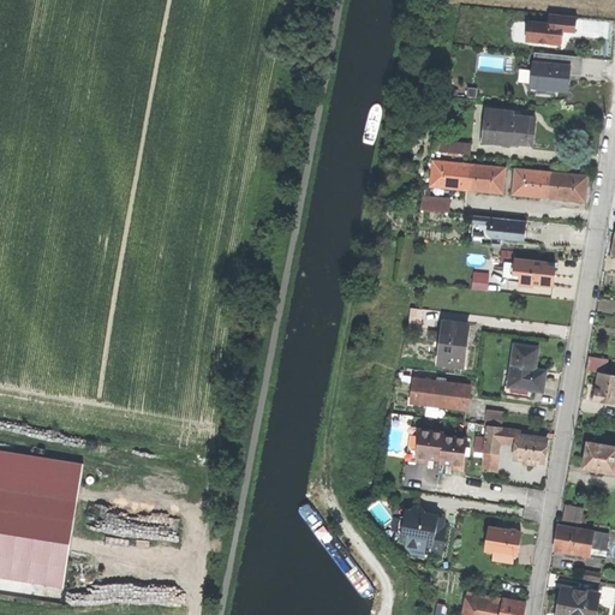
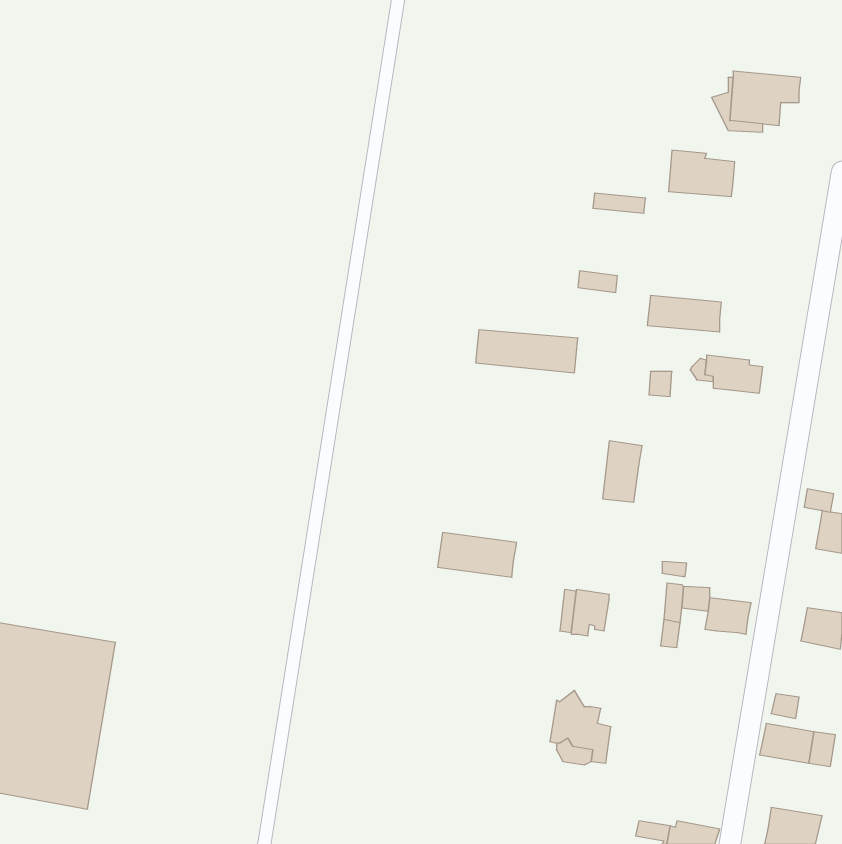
building: [525,13,575,44] -> none
building: [430,161,504,192] -> [476,330,578,373]
building: [513,168,586,199] -> none
building: [508,344,544,392] -> none
building: [412,377,470,410] -> [438,533,517,577]
building: [440,436,466,470] -> none
building: [484,527,520,562] -> none

